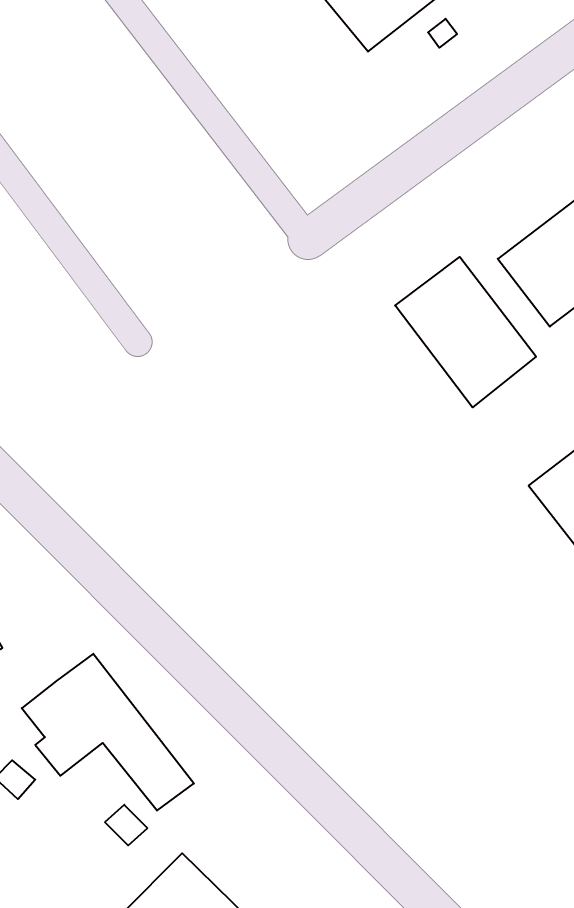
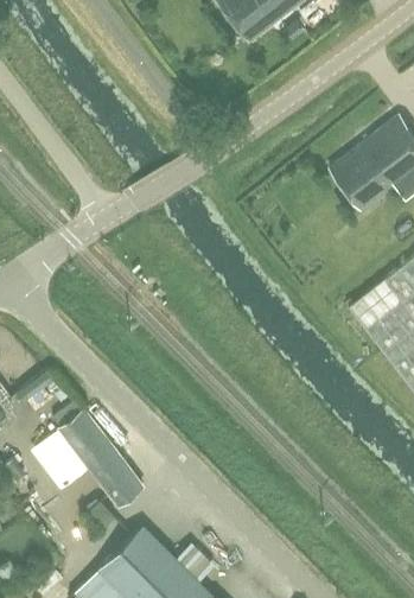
building: [395,257,536,407] -> none

